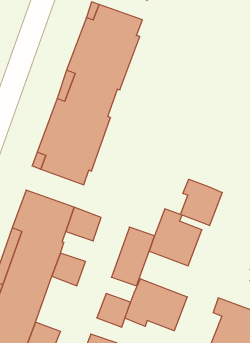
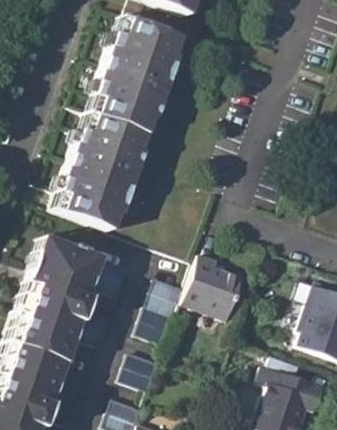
building: [181,179,222,226] -> none
building: [125,279,187,331] -> none

